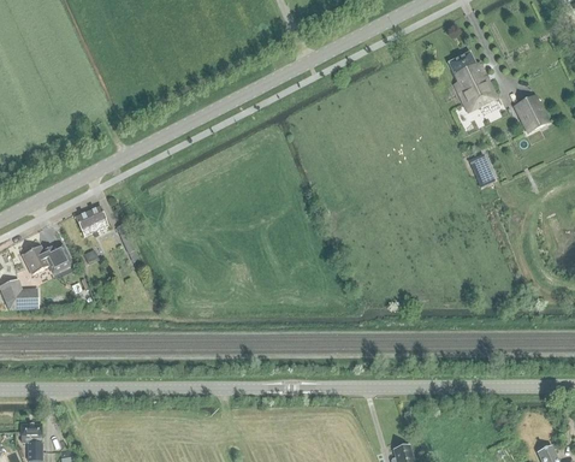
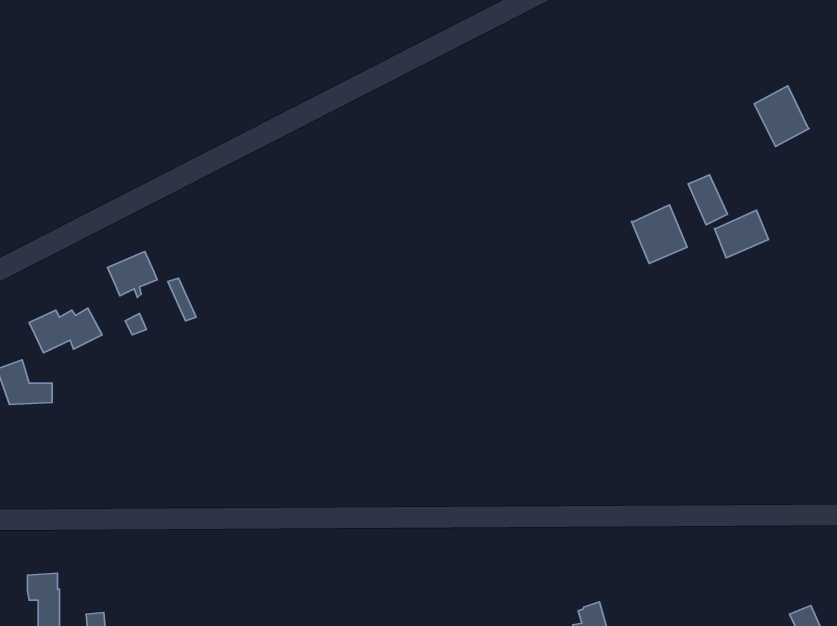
building: [449,52,497,112] -> none
building: none -> [631,205,687,264]
building: none -> [714,210,768,258]

